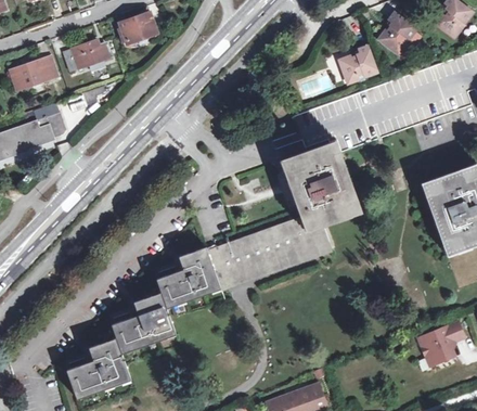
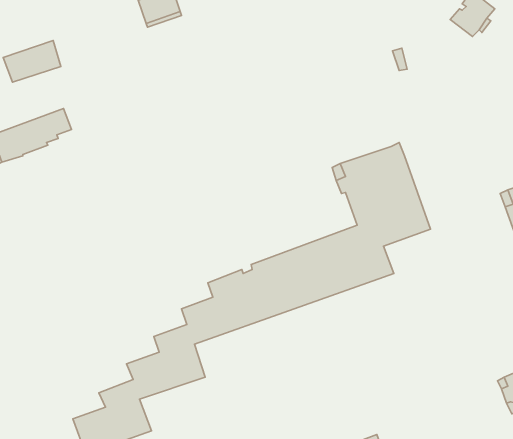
building: [63,41,108,72] -> none
building: [339,46,376,84] -> none

